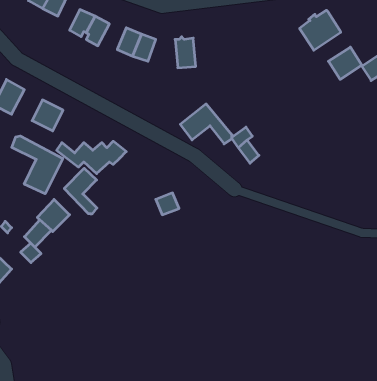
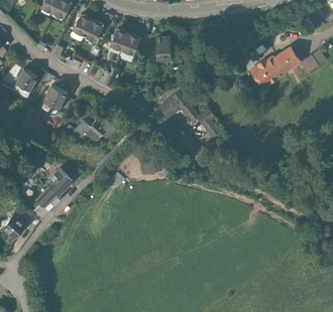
building: [300,10,341,50] -> [252,57,285,89]
building: [12,136,63,194] -> none
building: [64,168,97,214] -> none

